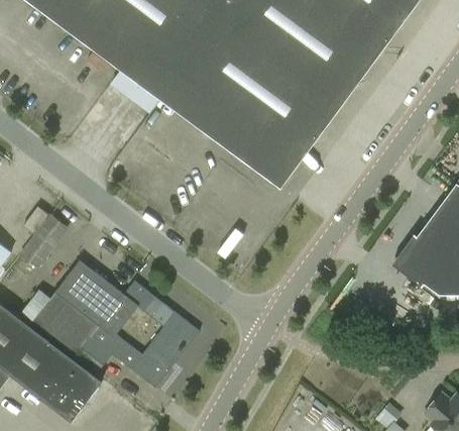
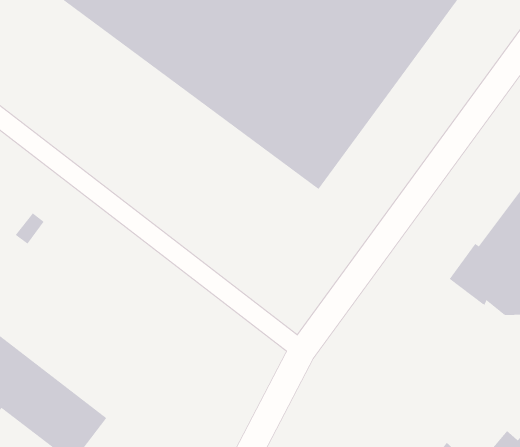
building: [20,215,70,270] -> none
building: [22,261,200,389] -> none

